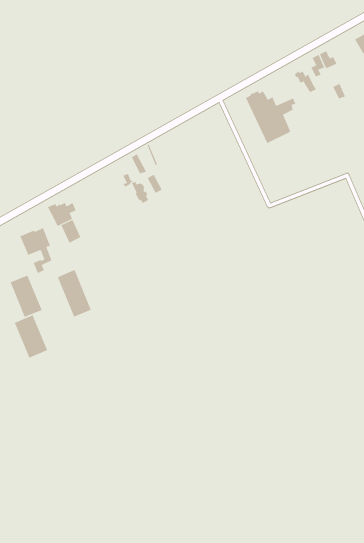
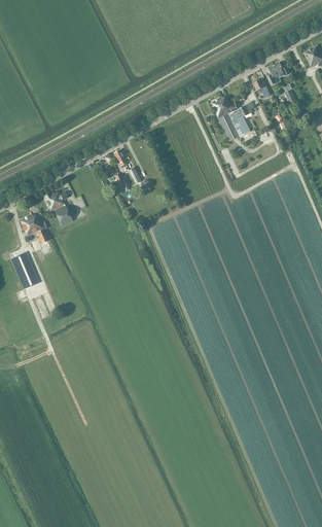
building: [57,269,92,318] -> none
building: [14,315,48,359] -> none

